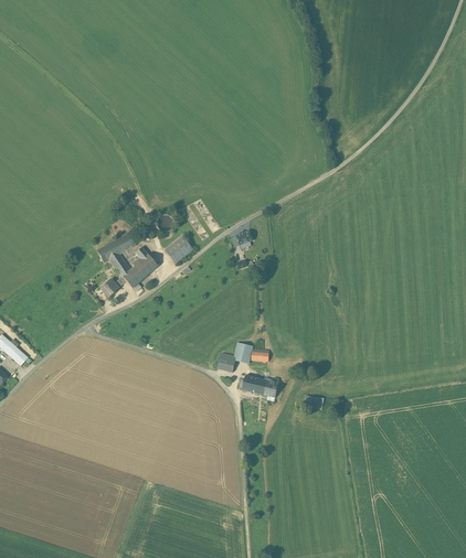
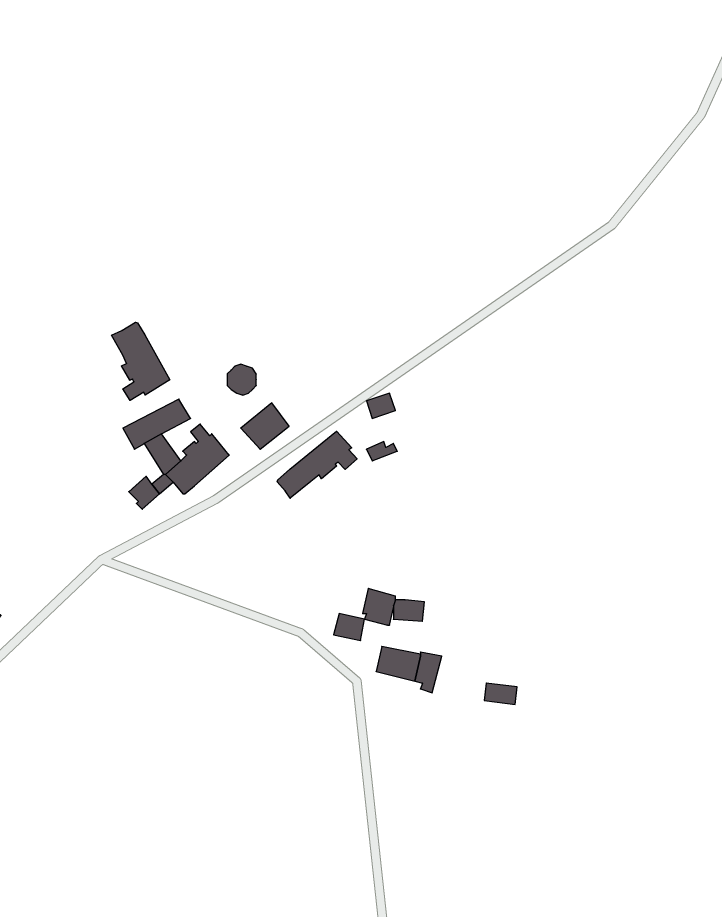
building: none -> [112,322,170,400]
building: none -> [277,431,357,498]

